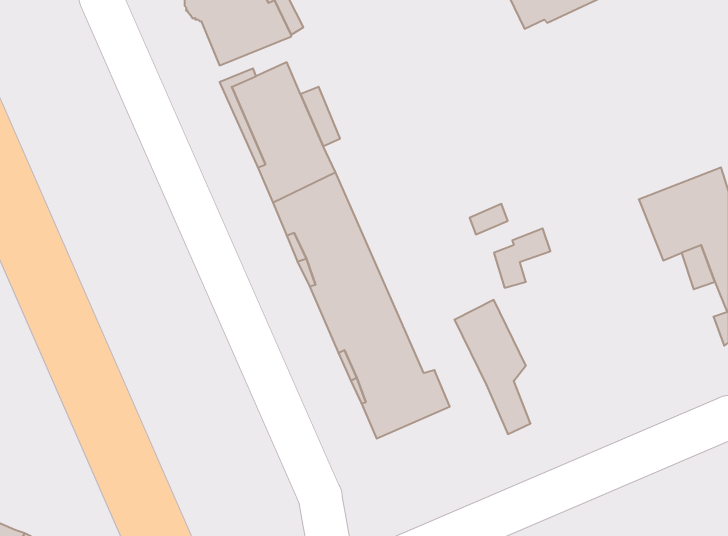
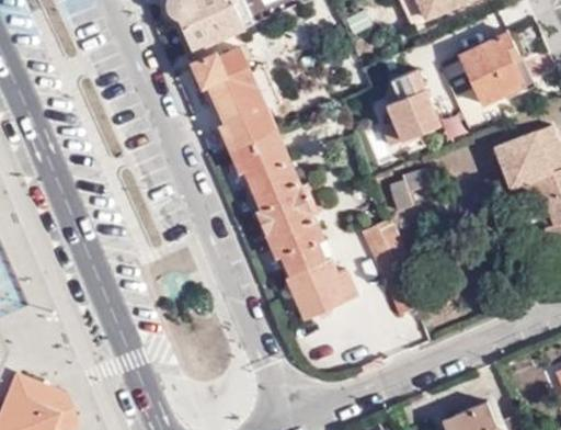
building: none -> [457,31,523,104]
building: none -> [381,66,440,146]

